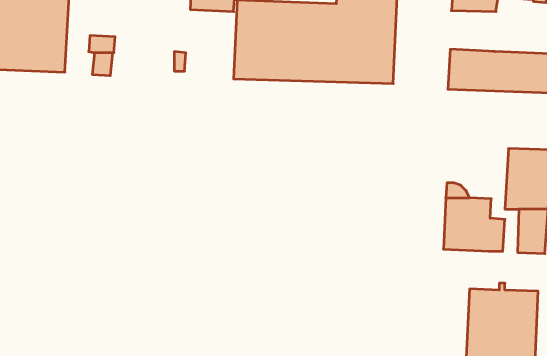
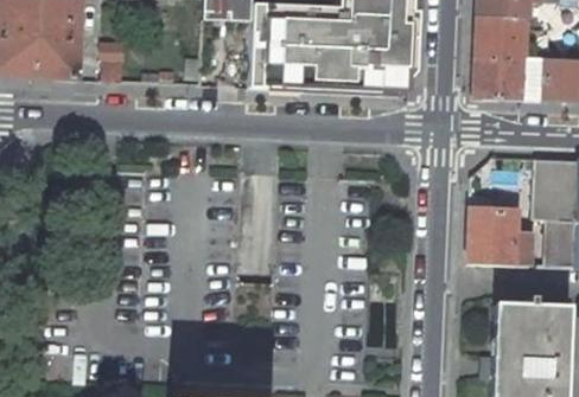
building: none -> [476,19,523,57]

